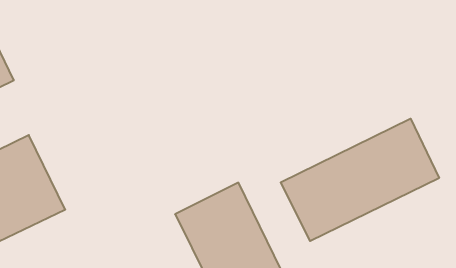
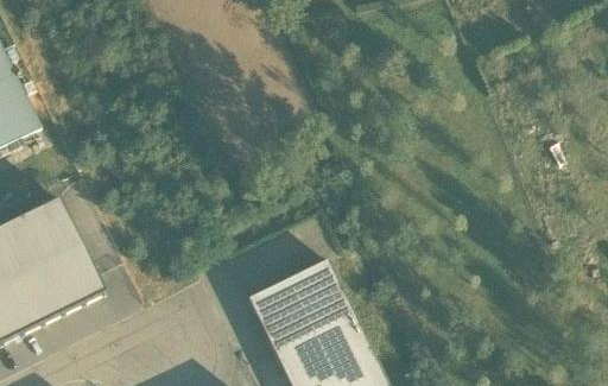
building: [281,119,439,241] -> none

